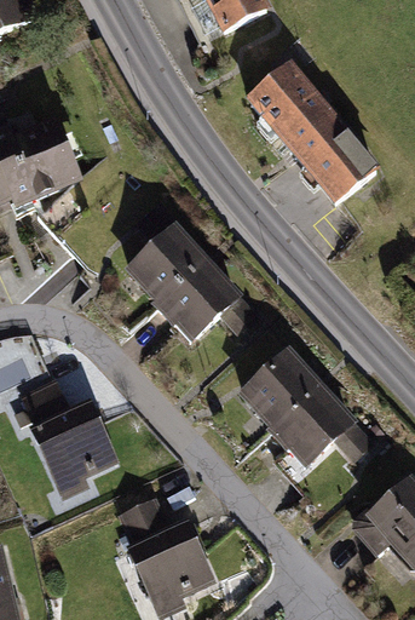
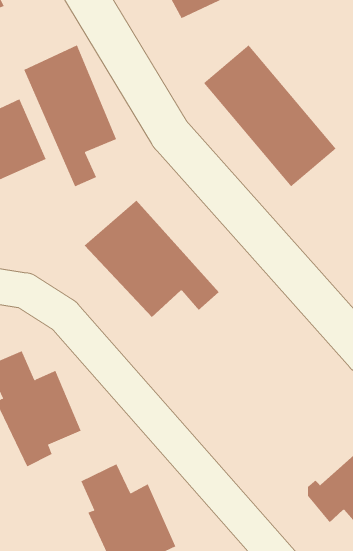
building: none -> [23,45,117,187]
building: [236,345,375,469] -> none

